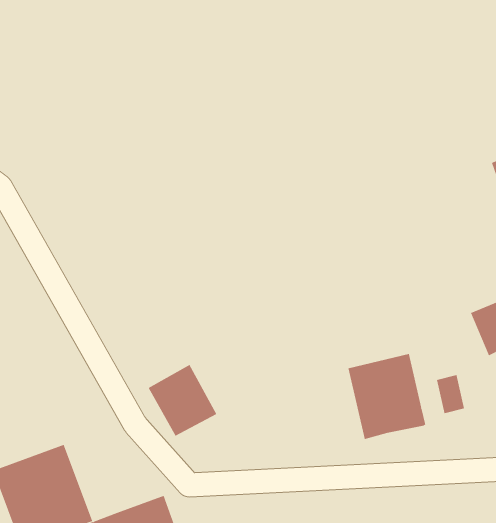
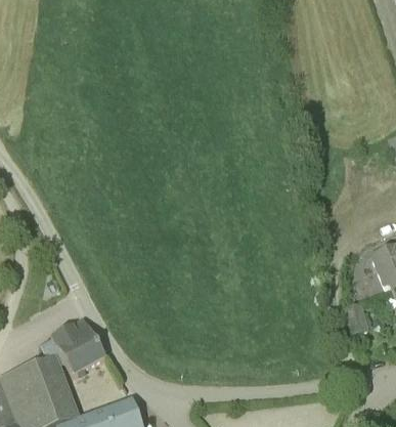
building: [348,353,426,440] -> none
building: [148,364,217,437] -> [52,318,106,375]

